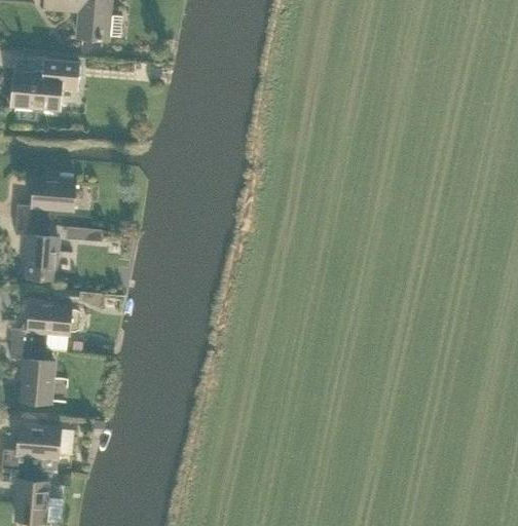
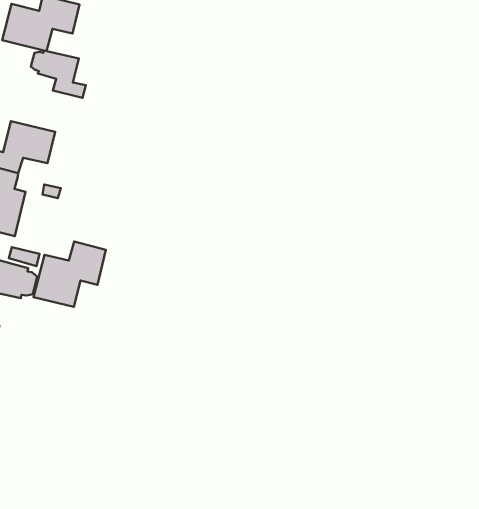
building: none -> [31,50,86,98]
building: none -> [33,242,106,307]

